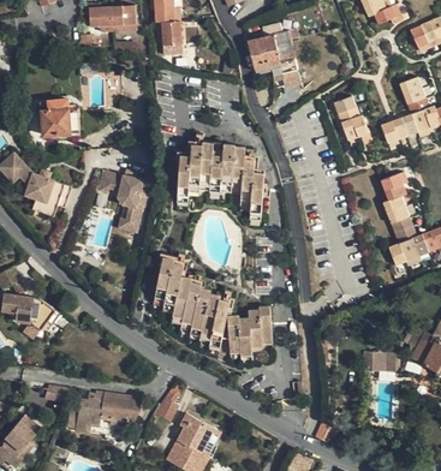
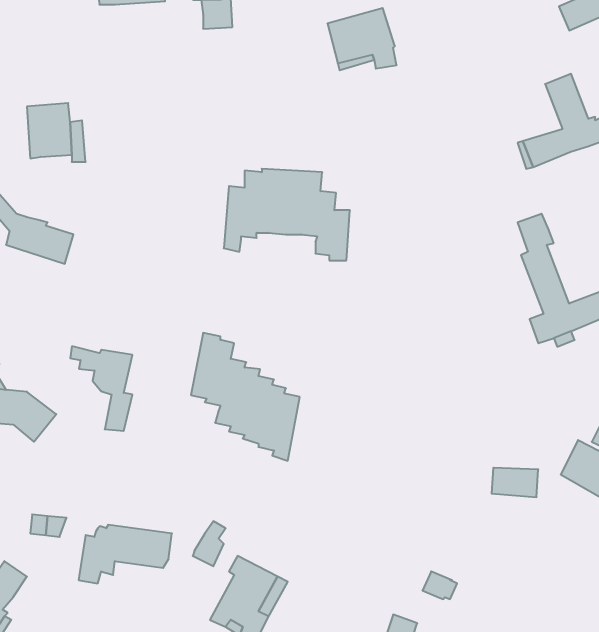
building: [334,96,368,141] -> none
building: [101,173,144,232] -> [70,346,132,431]
building: [228,305,273,356] -> none

